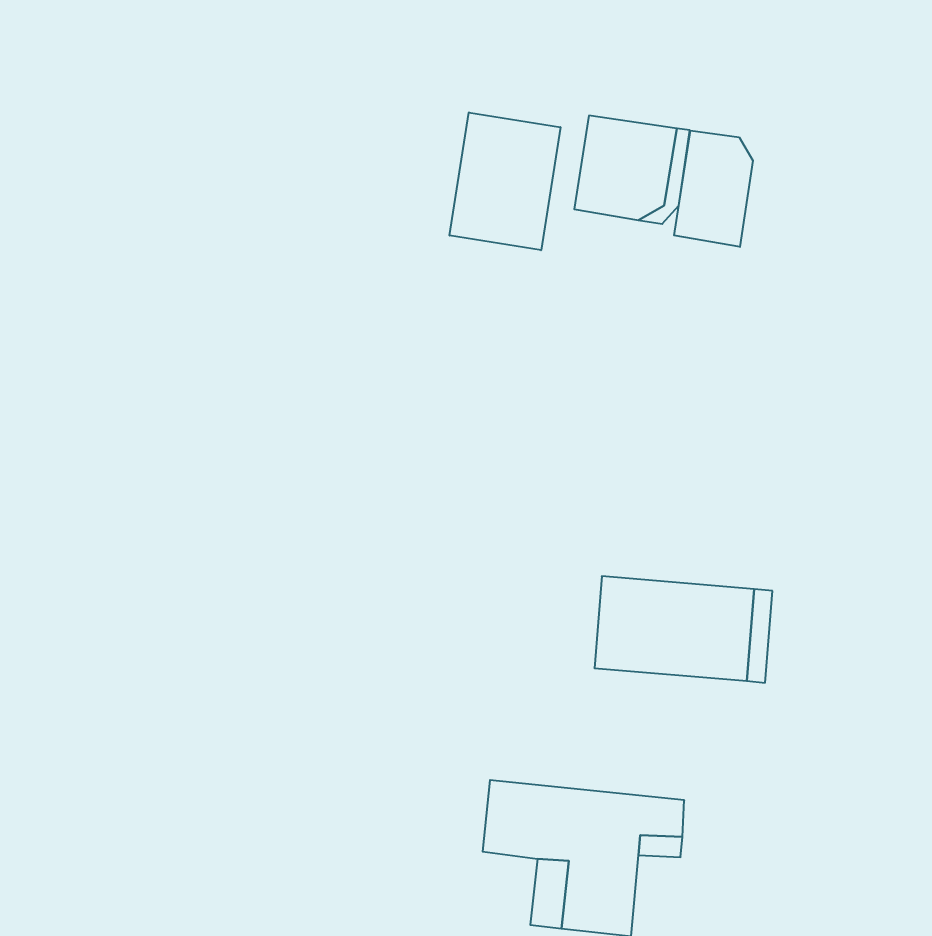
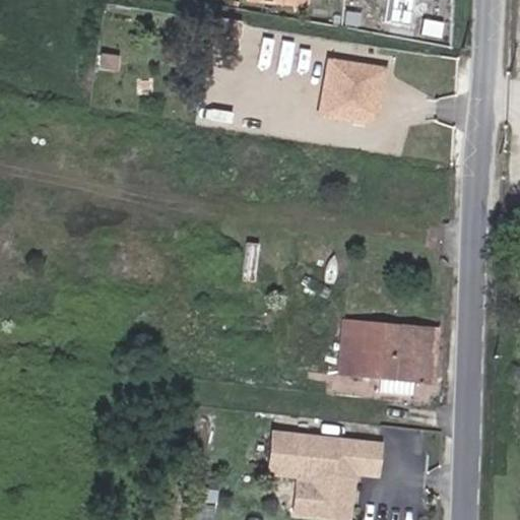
building: [450,112,560,250] -> none
building: [674,131,753,247] -> none

